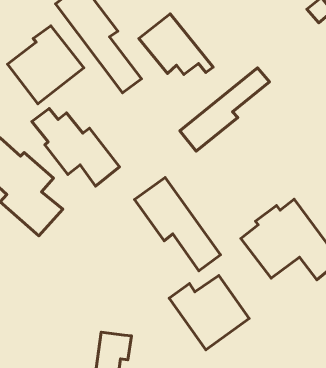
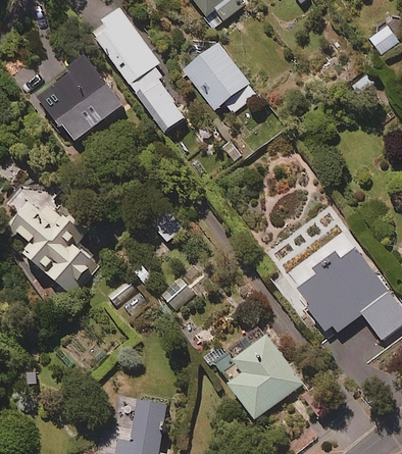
building: [180,68,270,151] -> none
building: [32,108,120,186] -> none
building: [134,177,221,271] -> none

